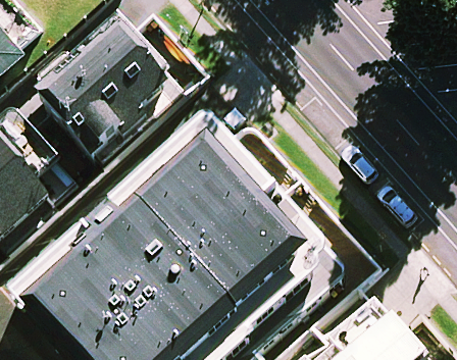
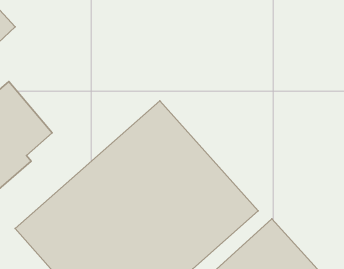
building: [37,22,168,153] -> none

